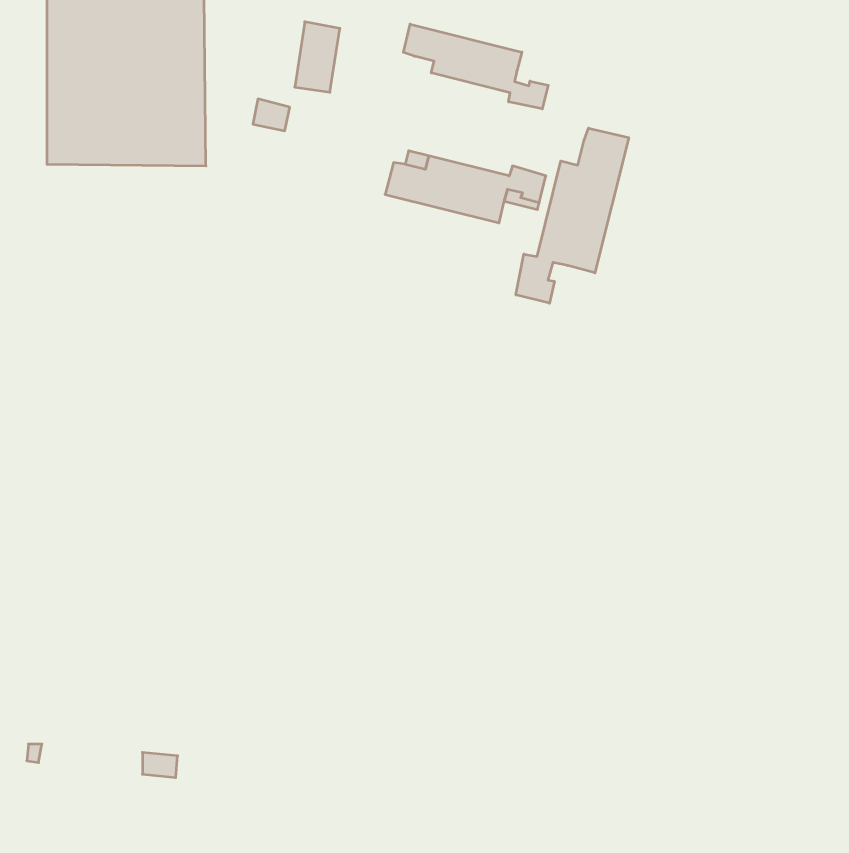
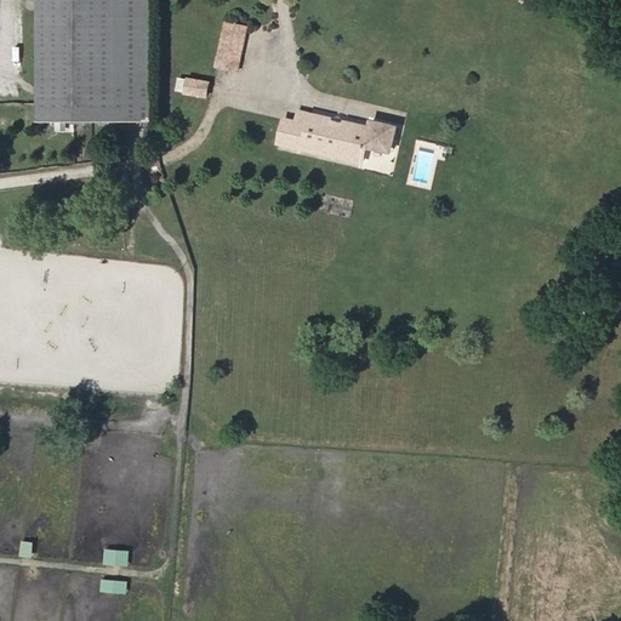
building: [403,24,548,109] -> none
building: [516,128,629,303] -> none

